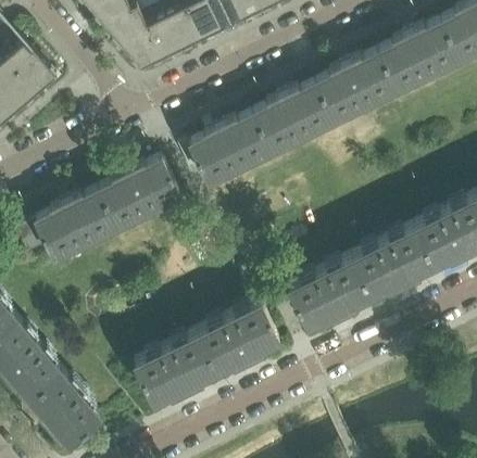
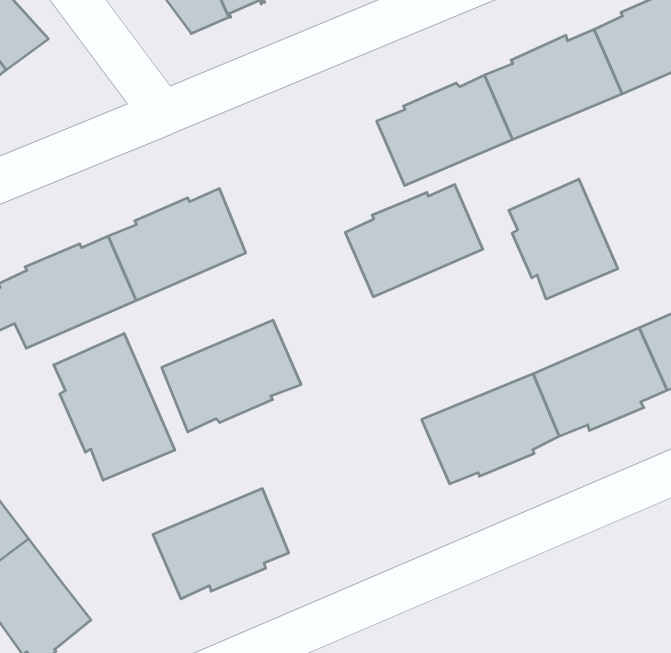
building: [189,117,271,186] -> [345,185,483,297]
building: none -> [509,179,618,299]
building: none -> [54,333,175,480]
building: [197,305,279,373] -> [162,320,301,432]

